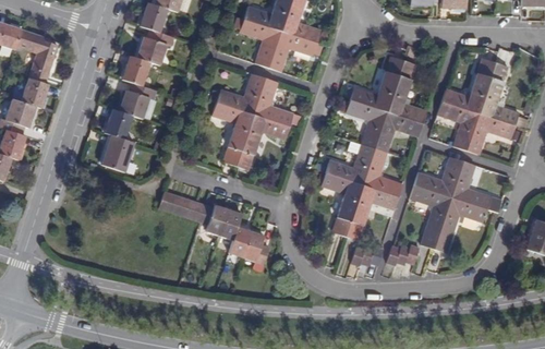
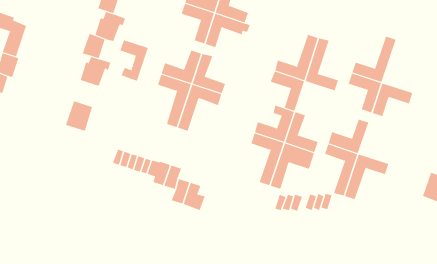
building: none -> [119,39,149,81]
building: [479,62,520,125] -> none
building: [105,108,133,139] -> none
building: [375,111,423,152] -> none
building: [450,160,501,213] -> none

